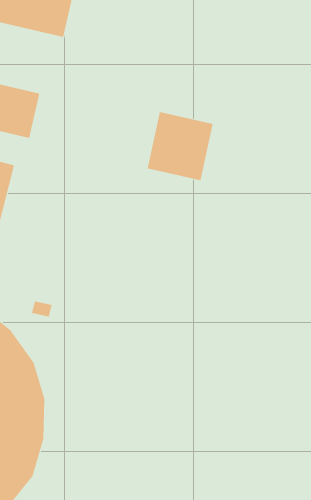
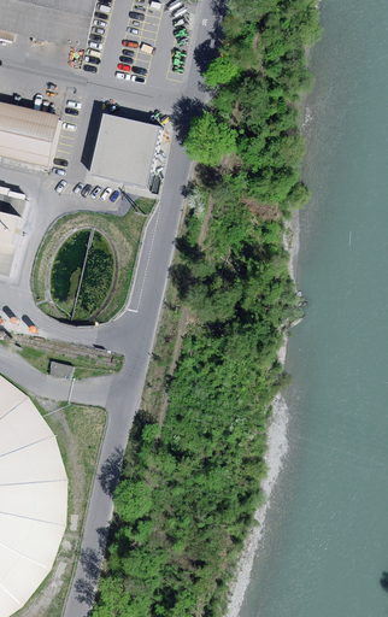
building: [147,111,213,181] -> [88,110,166,192]

